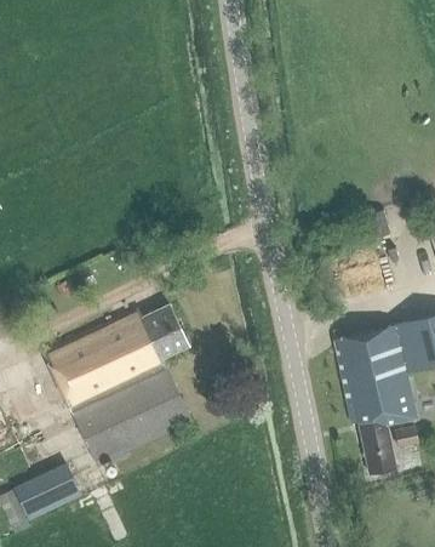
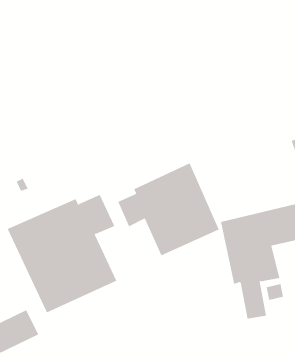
building: none -> [118,163,219,256]

